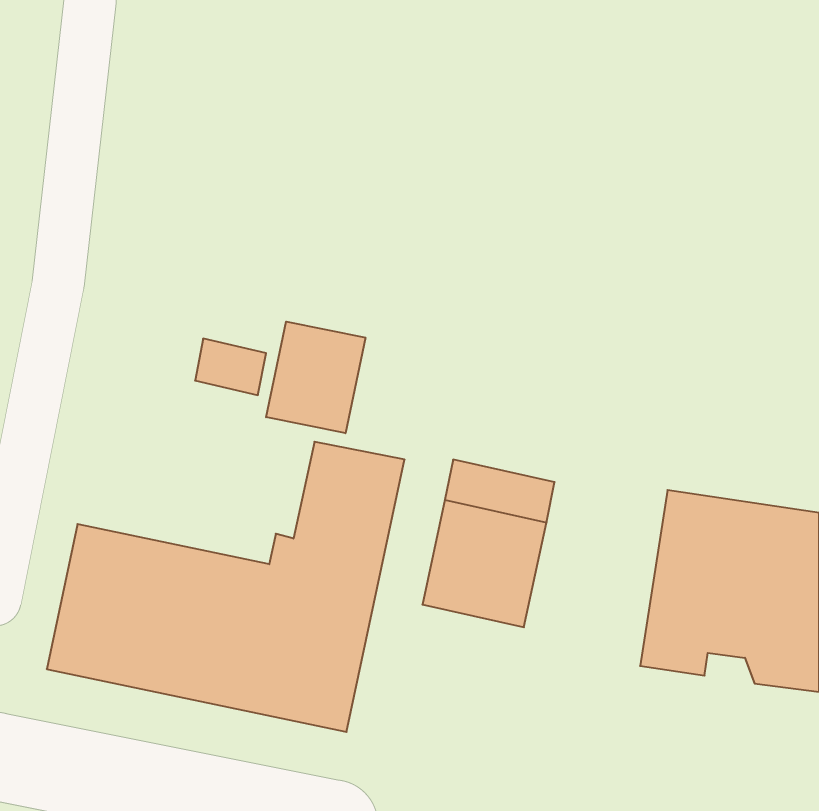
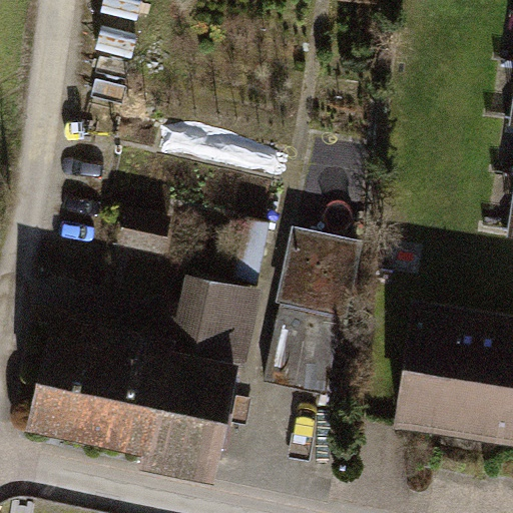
building: [266,322,365,433] -> none
building: none -> [282,235,358,308]

